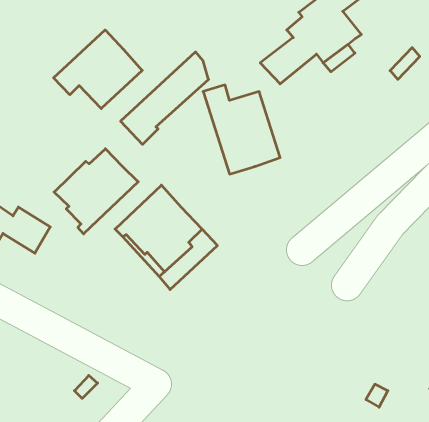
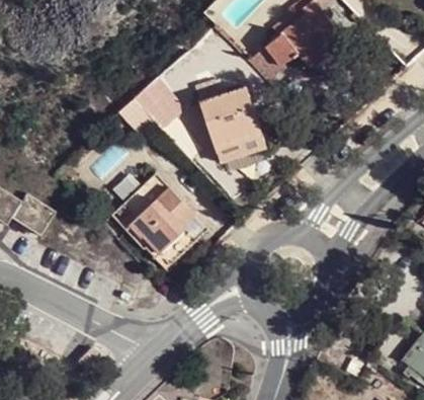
building: [54,30,142,109] -> none
building: [54,149,138,234] -> none

